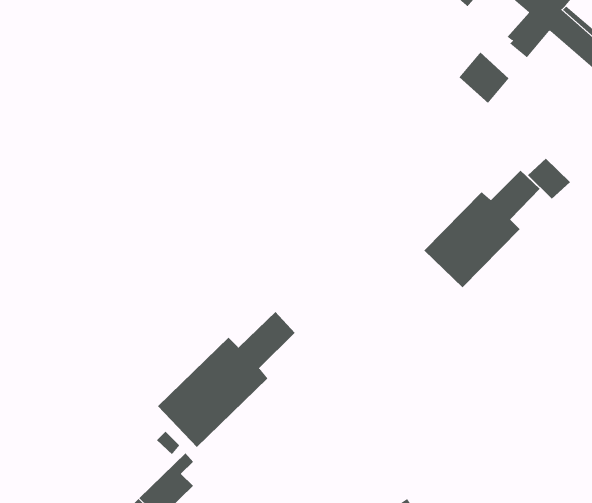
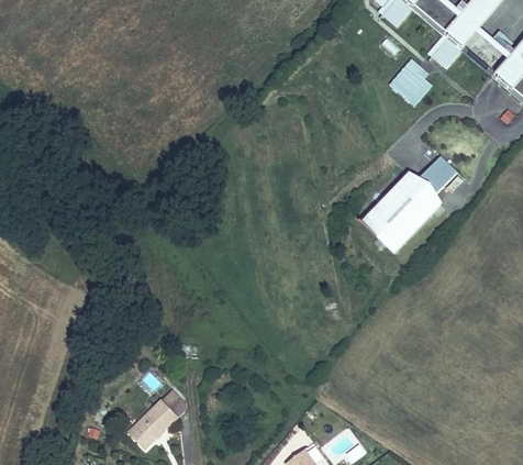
building: [527,158,571,200] -> none
building: [157,311,295,448] -> none

